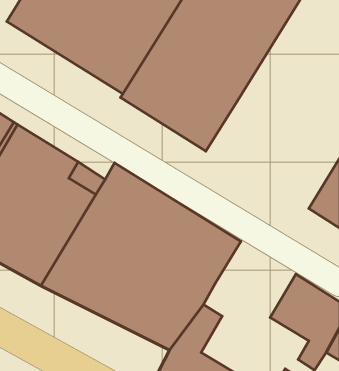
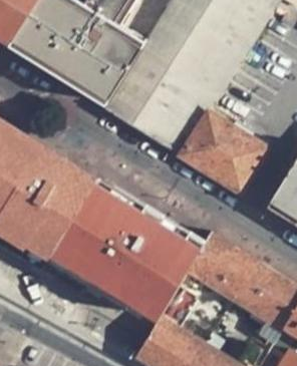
building: none -> [180,111,267,192]
building: none -> [188,232,257,297]

